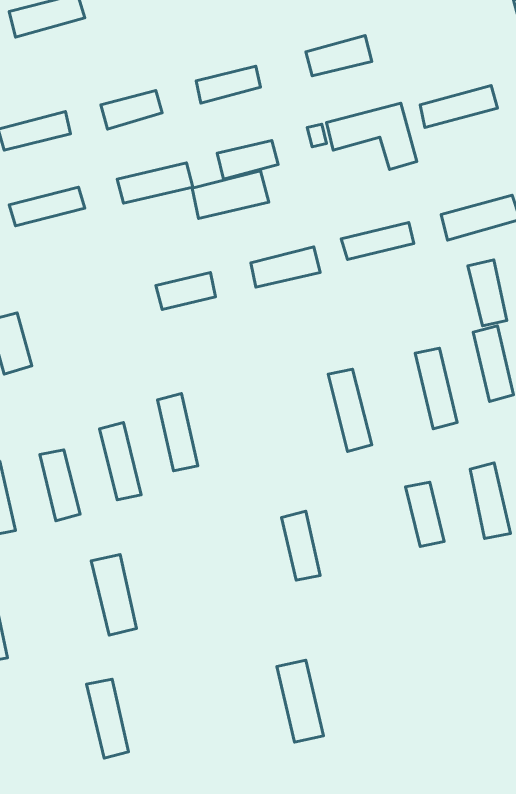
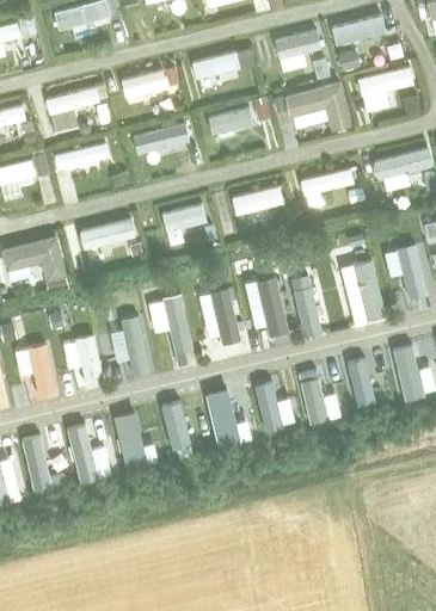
building: none -> [332,16,386,47]
building: [192,171,269,219] -> none
building: [468,260,507,326] -> none
building: none -> [79,218,135,251]
building: none -> [256,278,288,337]
building: none -> [209,289,240,346]
building: none -> [297,370,327,426]
building: none -> [161,403,191,452]
building: [277,660,324,742] -> [205,391,240,452]
building: [87,679,128,758] -> [66,426,97,485]

